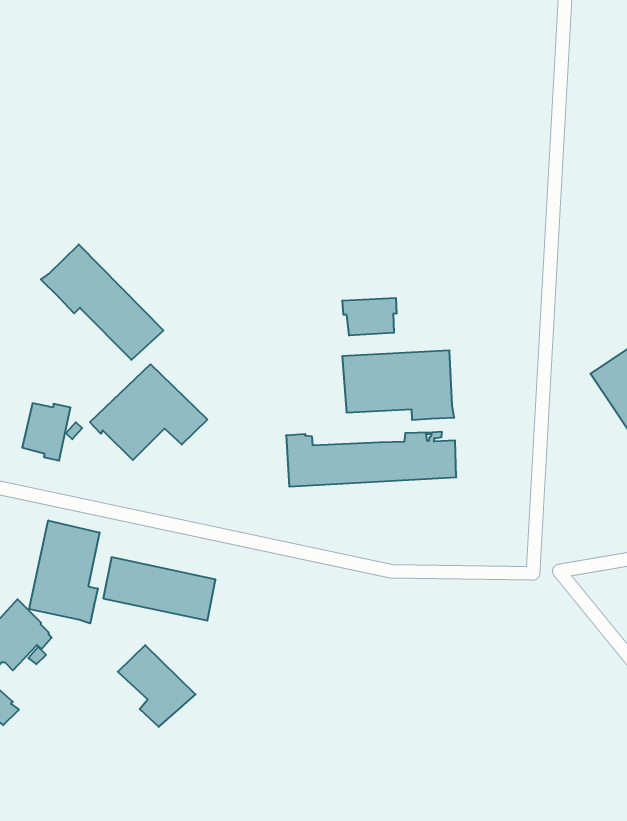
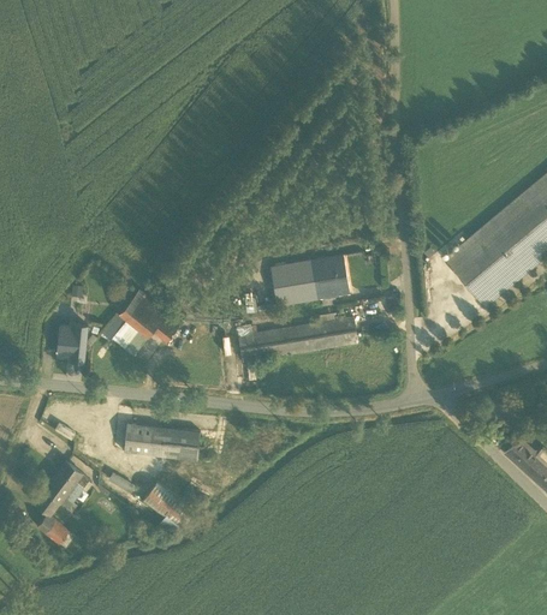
building: [41,244,163,360] -> none
building: [342,298,397,336] -> none
building: [29,520,100,623] -> none

